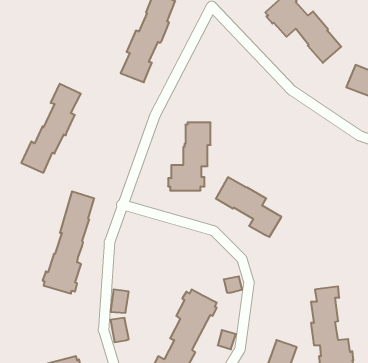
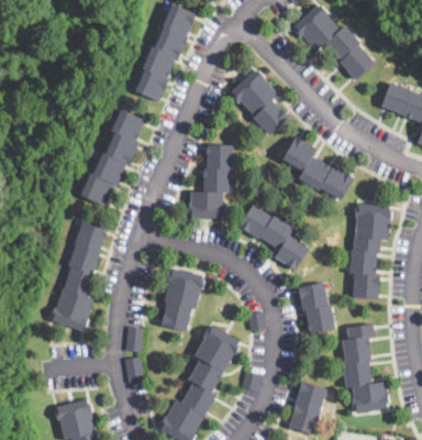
building: none -> [230,68,289,136]
building: [21,84,81,173] -> [80,109,145,206]
building: none -> [281,136,353,200]
building: none -> [348,201,392,300]
building: none -> [162,268,204,332]
building: none -> [297,282,334,334]

